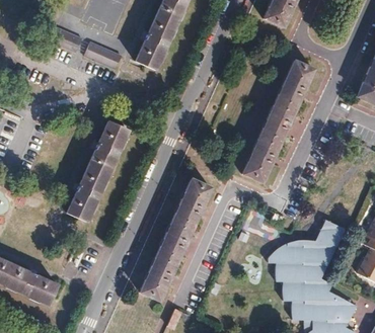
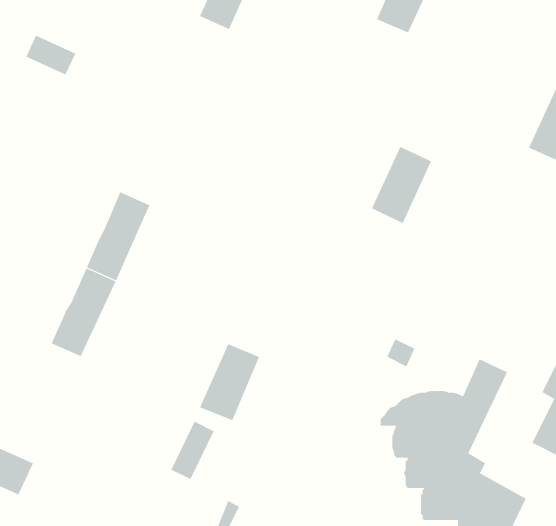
building: [138,17,176,71] -> none
building: [86,43,124,70] -> none
building: [279,58,315,104] -> none
building: [243,133,281,179] -> none
building: [175,176,212,222] -> none
building: [153,252,178,299] -> none

